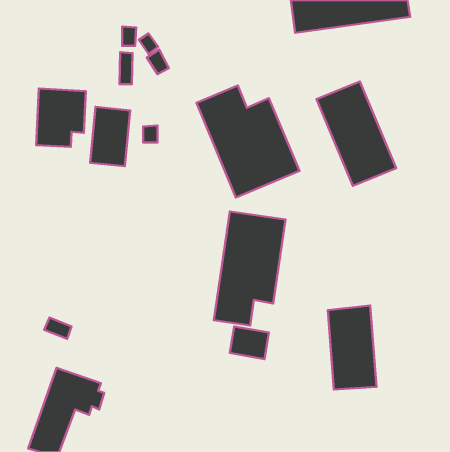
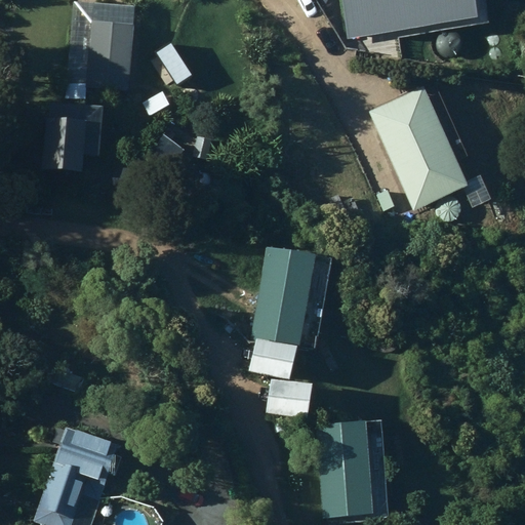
building: [196,86,299,197] -> none
building: [90,107,130,166] -> [89,21,135,89]
building: [328,306,376,390] -> [318,419,374,517]

